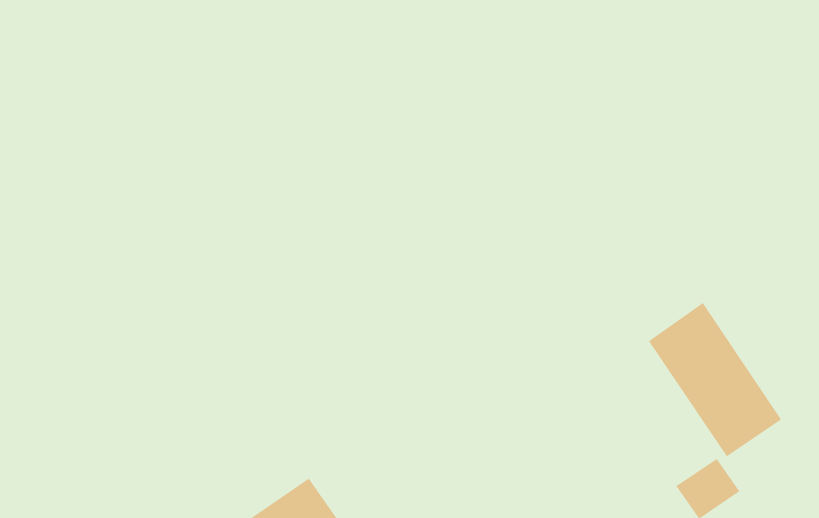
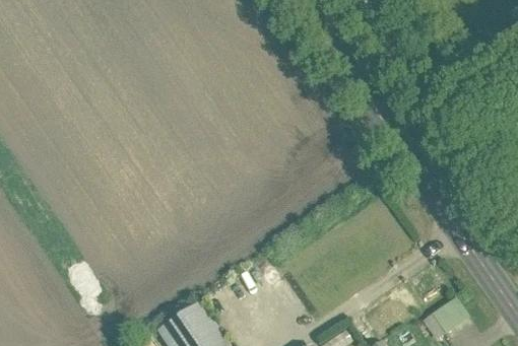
building: [648,302,782,457] -> none

